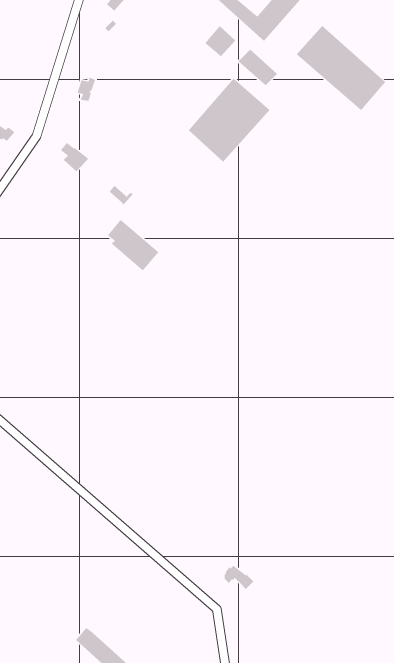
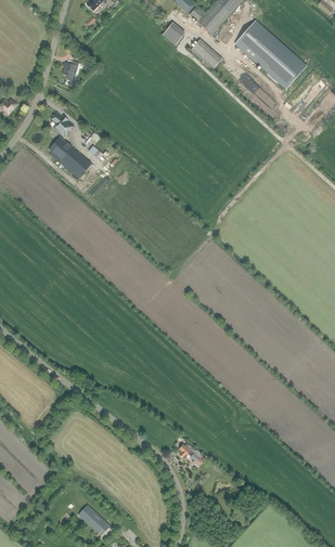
building: [188,78,270,162] -> none
building: [107,219,160,271] -> [51,138,92,179]

